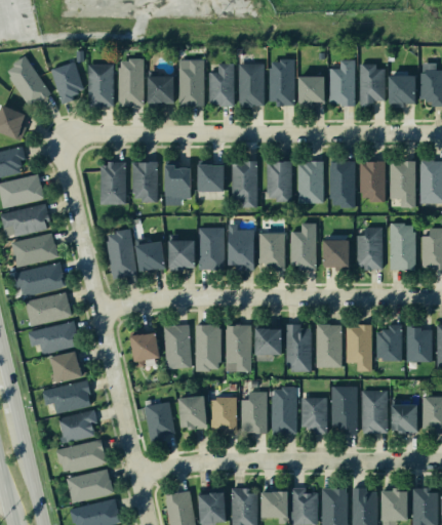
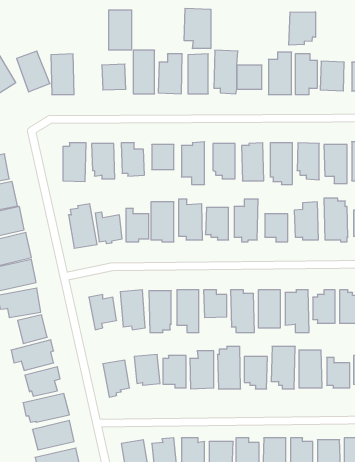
building: none -> [184,8,211,49]
building: none -> [289,12,315,45]
building: [118,62,144,106] -> [109,10,132,50]

